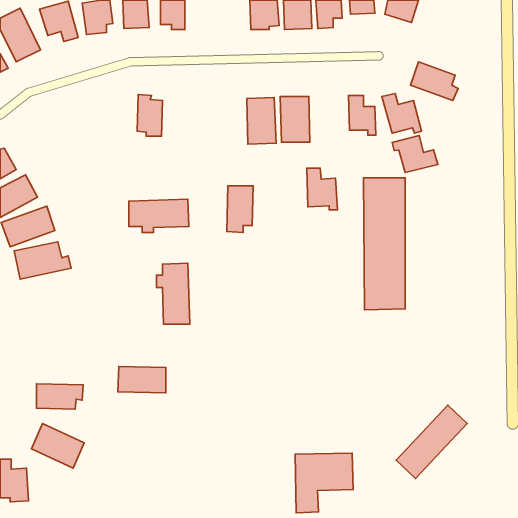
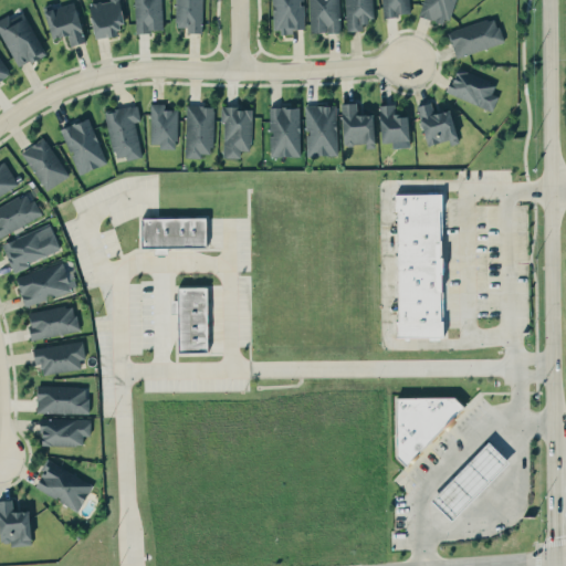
building: none -> [449,18,504,59]
building: none -> [106,105,142,161]
building: none -> [186,106,214,157]
building: none -> [62,118,107,175]
building: none -> [22,138,71,191]
building: [392,135,438,173] -> none
building: [307,168,337,210] -> [343,104,376,149]
building: [227,186,253,233] -> [223,108,252,159]
building: none -> [28,305,80,340]
building: none -> [33,343,86,374]
building: [118,367,166,393] -> [36,386,88,415]
building: [295,453,353,513] -> [396,397,459,462]

